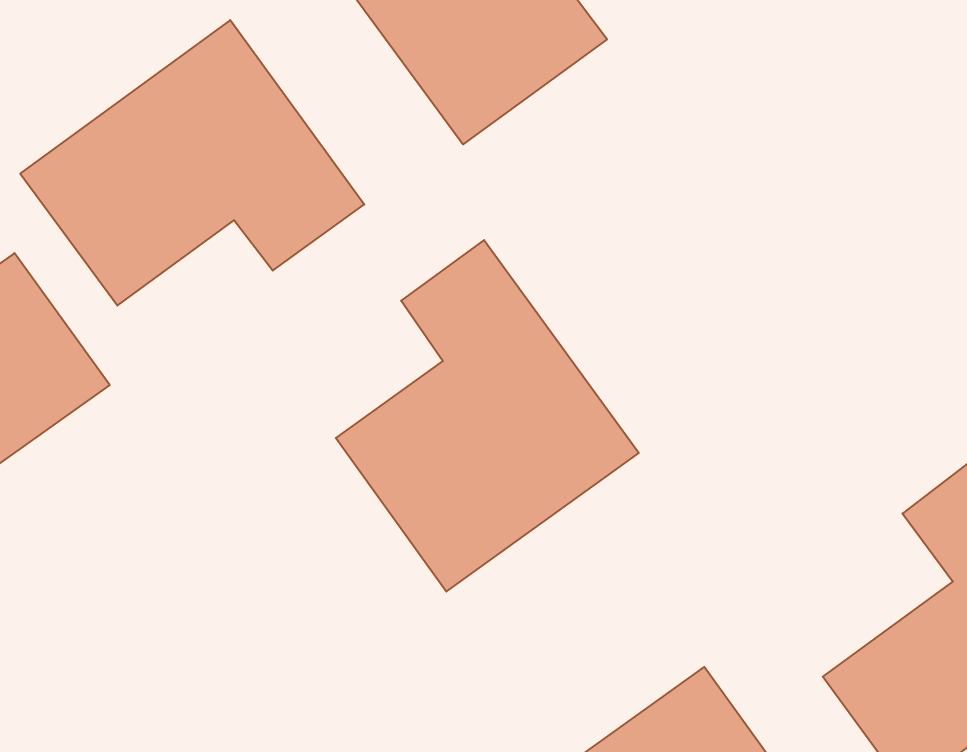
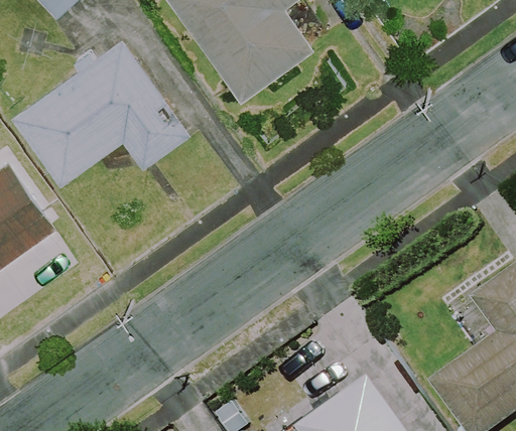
building: [336,240,639,592] -> none

